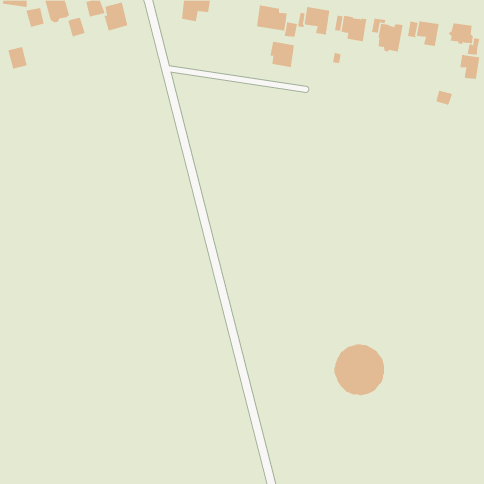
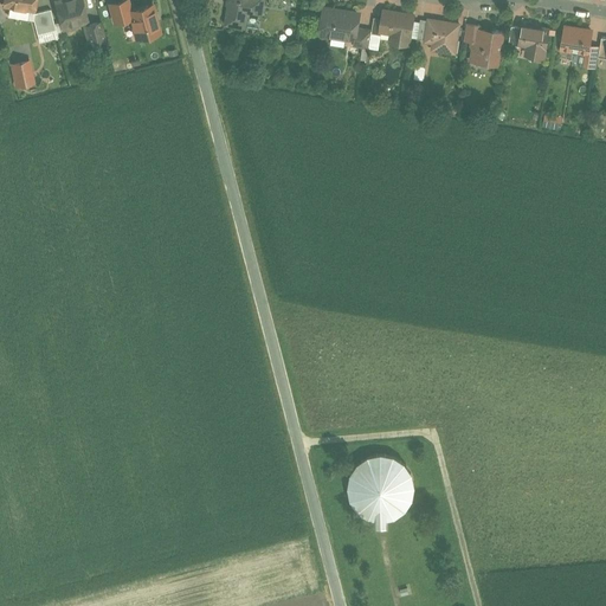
building: [270,41,295,68] -> none
building: [460,54,480,80] -> none
building: [334,344,385,396] -> [344,451,408,516]

